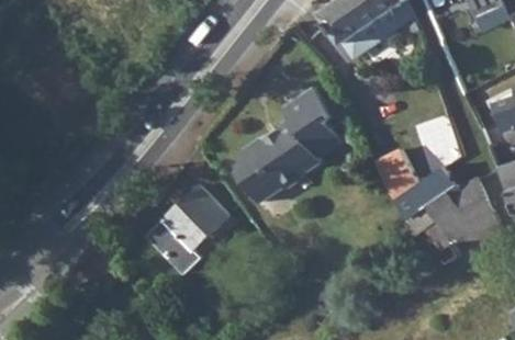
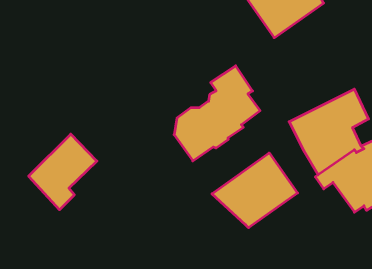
building: [147,185,227,274] -> [29,134,97,210]
building: none -> [212,153,298,228]

